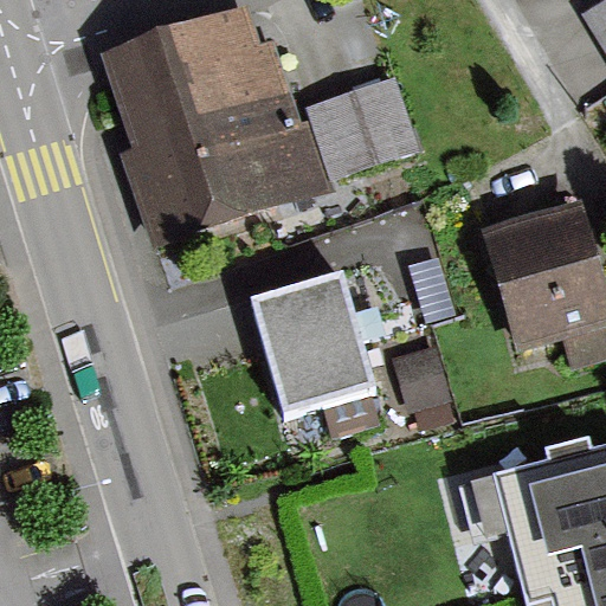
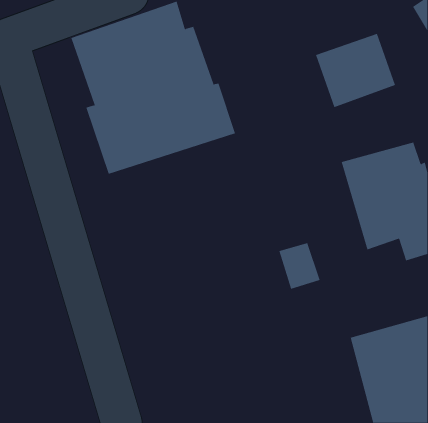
building: [308,73,421,179] -> [315,33,396,108]
building: [250,272,379,417] -> none

